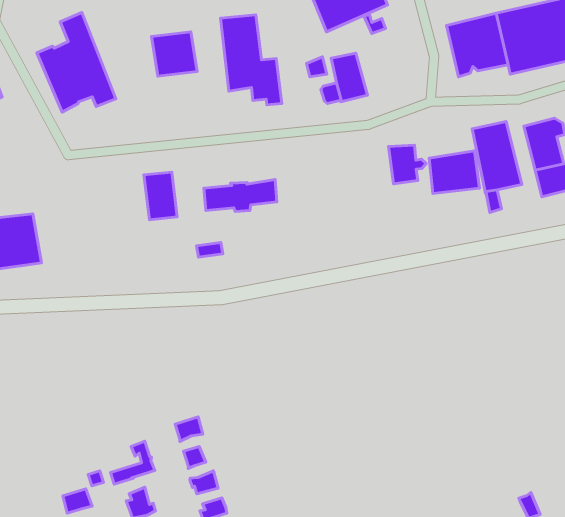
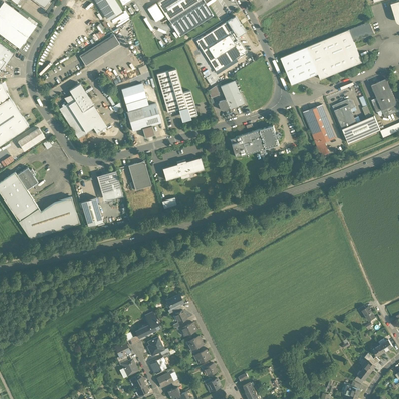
building: none -> [127,103,161,131]
building: [429,151,479,194] -> [236,129,266,156]
building: none -> [100,171,122,201]
building: none -> [81,197,103,227]

